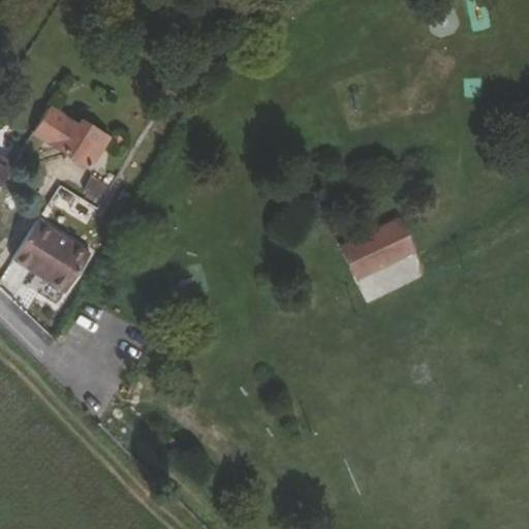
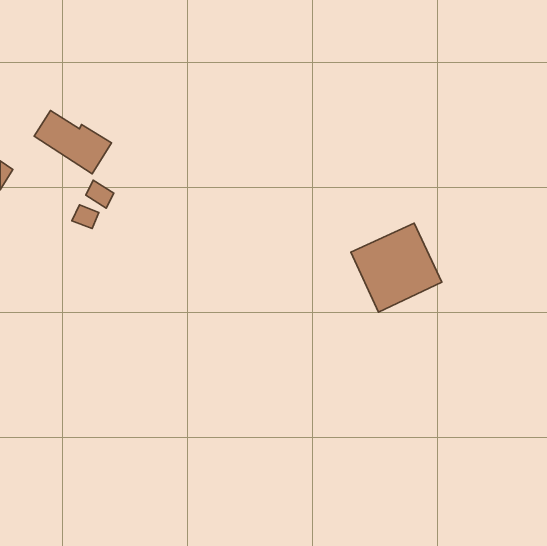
building: [11,201,90,292] -> none

